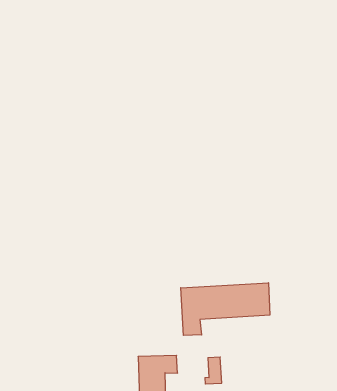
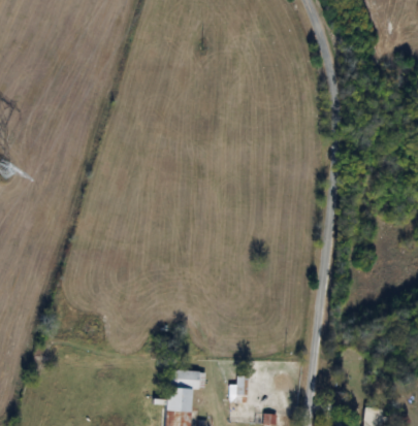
building: [181,283,270,335] -> none

